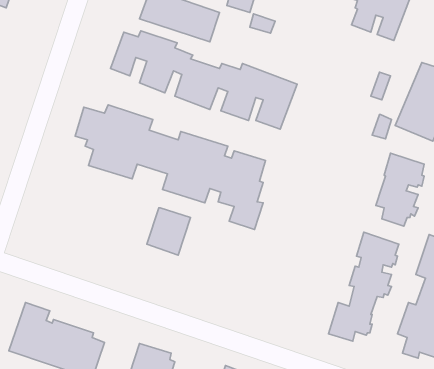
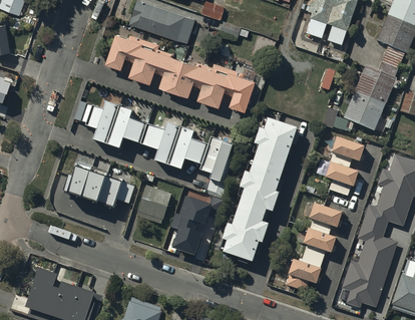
building: none -> [222,110,299,255]
building: none -> [62,166,134,208]
building: none -> [171,195,212,254]

